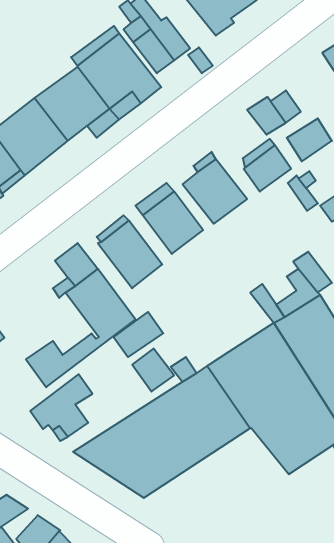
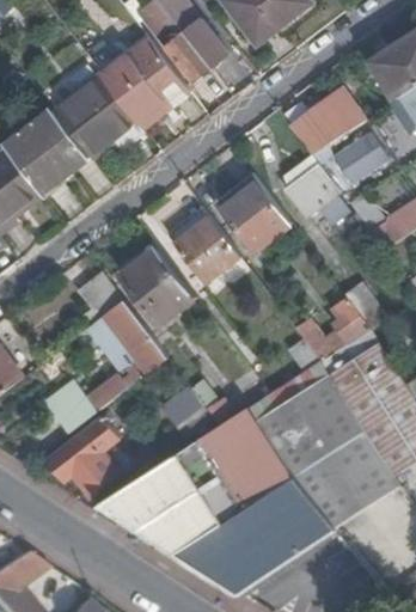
building: [114,312,163,357] -> none
building: none -> [175,478,337,598]

